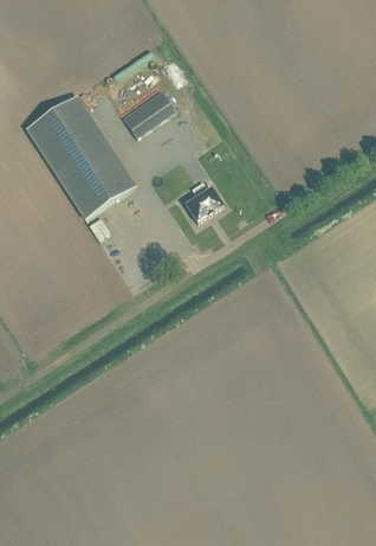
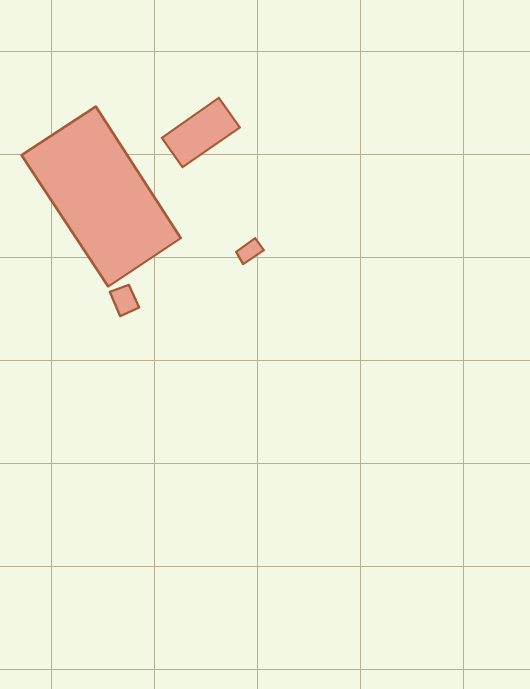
building: [184,182,223,223] -> none

